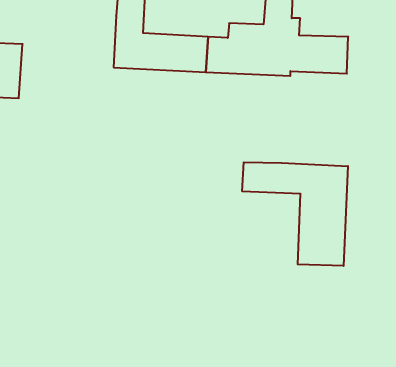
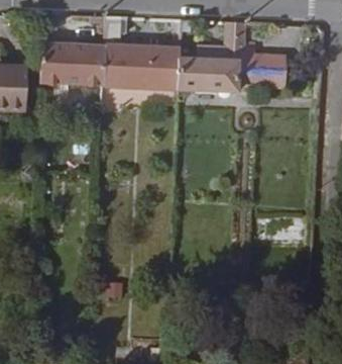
building: none -> [38,38,105,85]
building: [242,162,348,266] -> none

